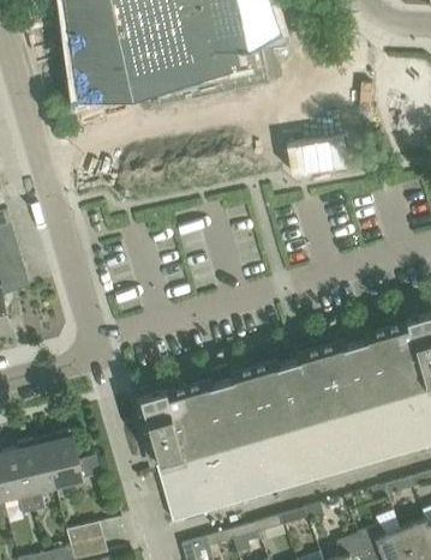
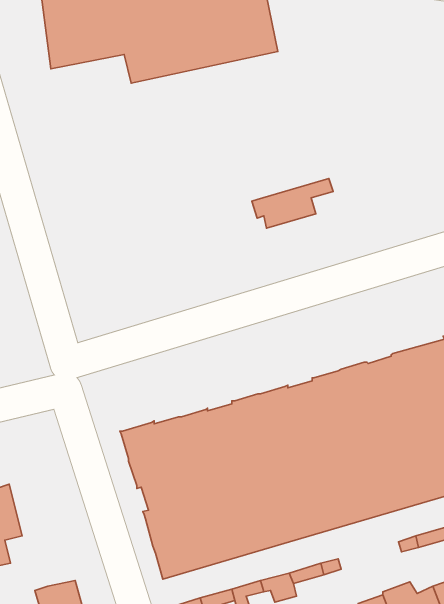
building: none -> [252,178,333,228]
building: [44,430,83,486] -> none

